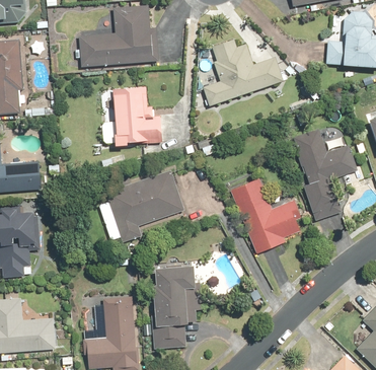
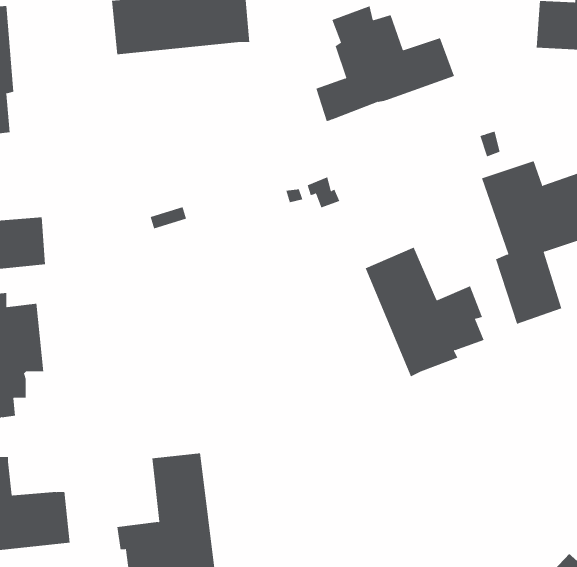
building: [112,86,163,146] -> none
building: [99,170,184,243] -> none
building: [151,266,201,349] -> none

